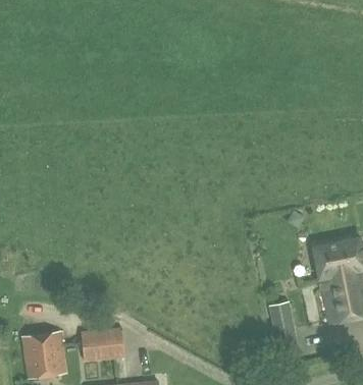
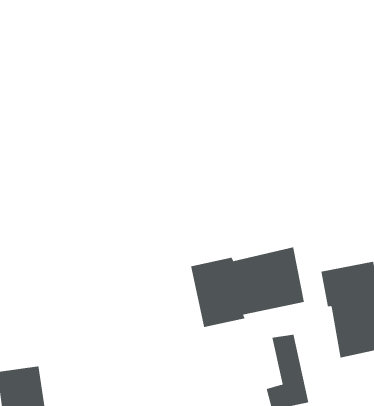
building: none -> [190,247,305,328]
building: [81,328,124,362] -> none

